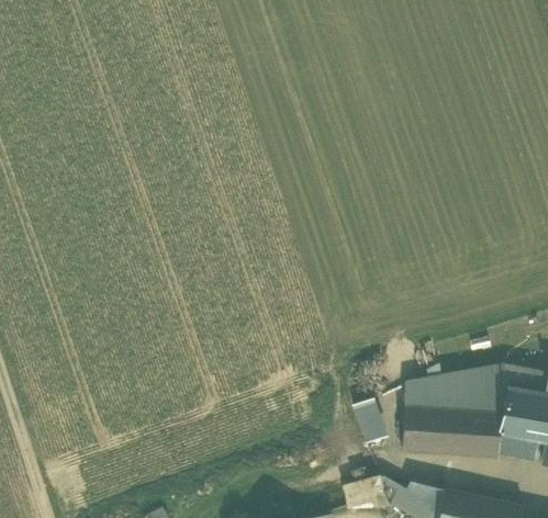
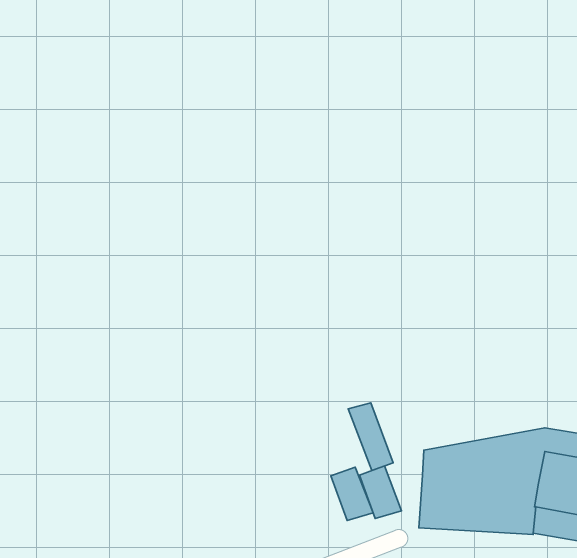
building: none -> [348,403,393,470]
building: none -> [331,467,373,521]

